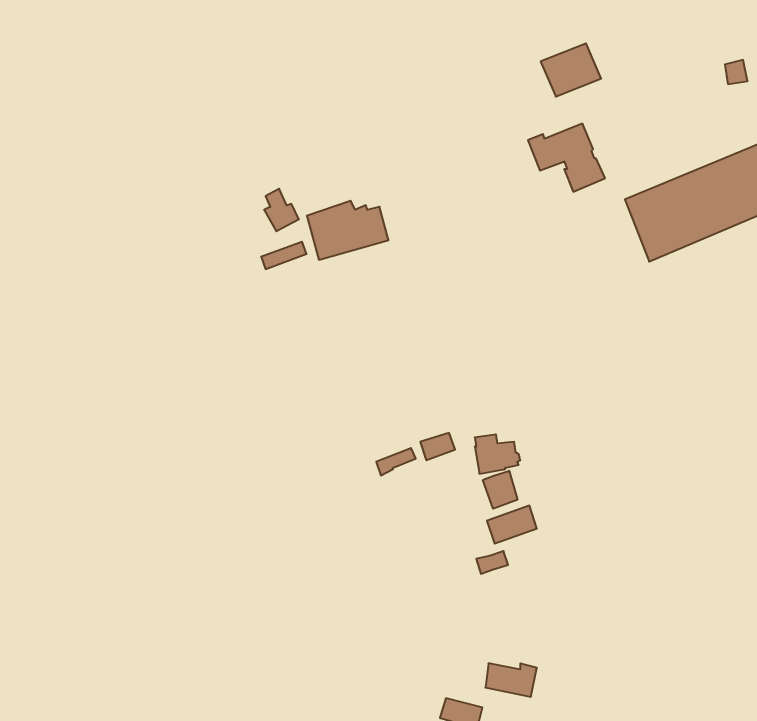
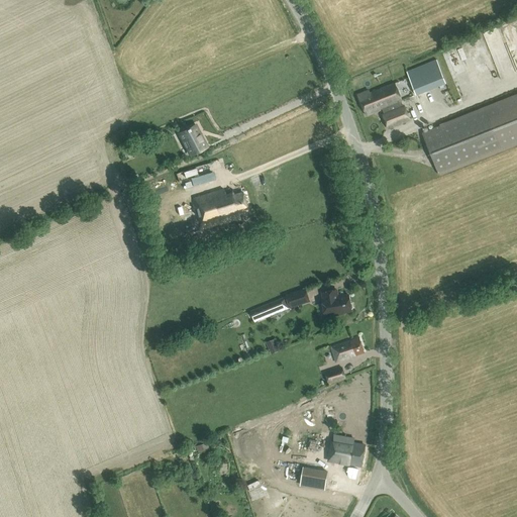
building: [541,43,601,97] -> [406,60,446,95]
building: [307,201,389,260] -> [194,188,248,227]
building: [483,471,517,509] -> none

